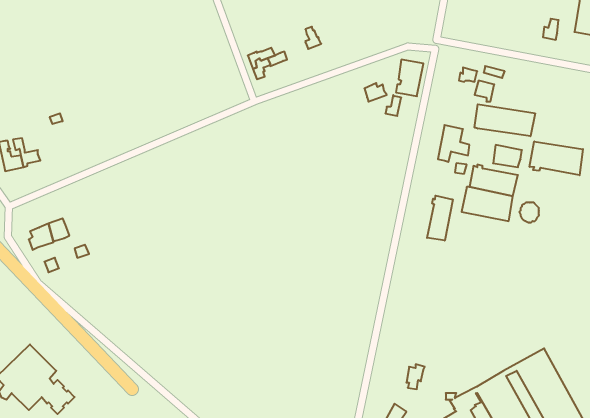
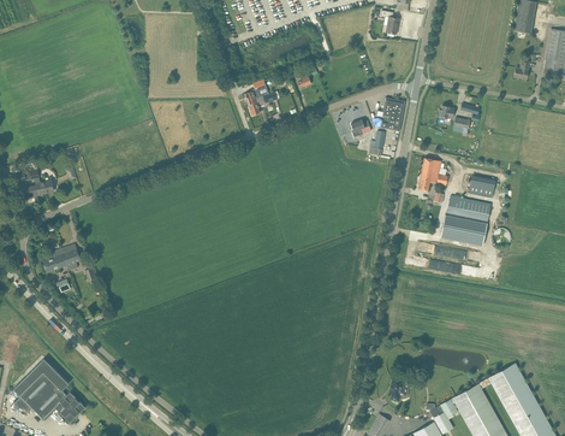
building: [475,104,535,136] -> none
building: [530,141,583,175] -> none
building: [427,196,453,241] -> none

